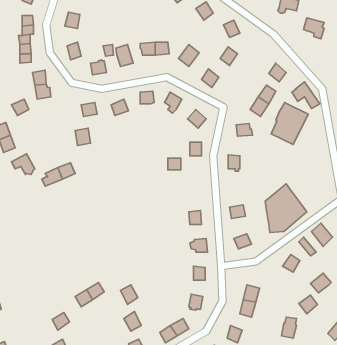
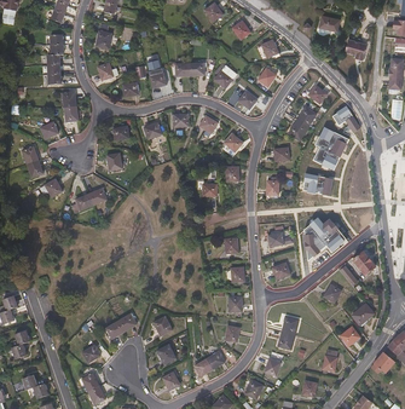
building: none -> [303,172,334,195]

